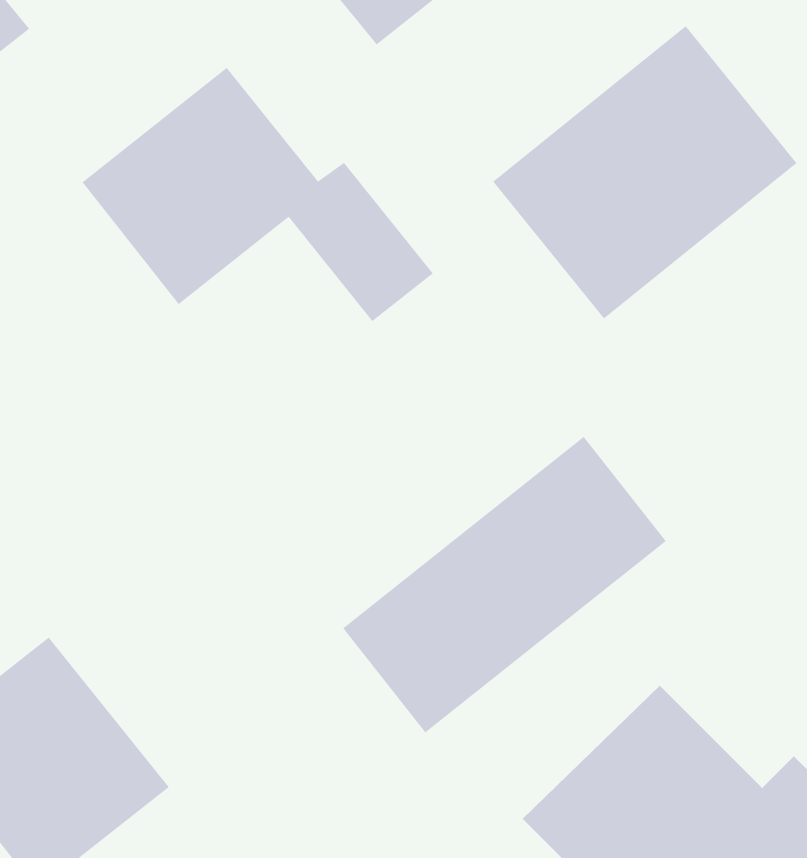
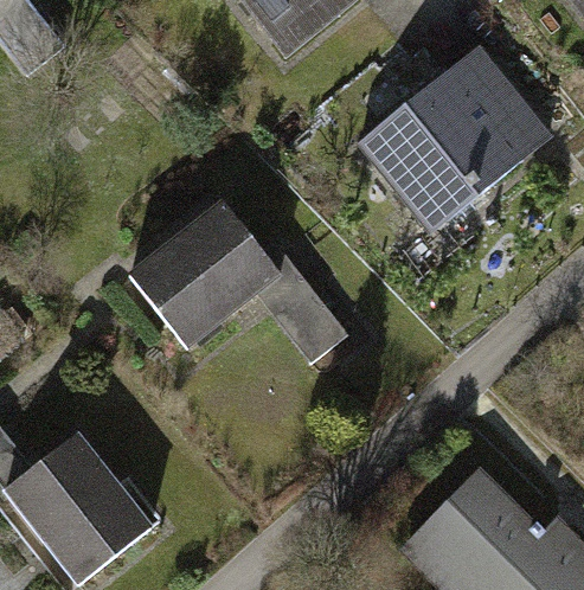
building: [82,67,434,322] -> [128,200,352,363]
building: [342,436,667,733] -> none

